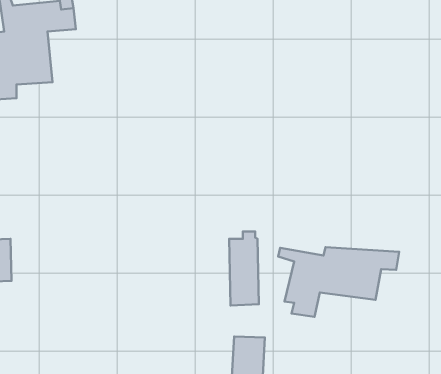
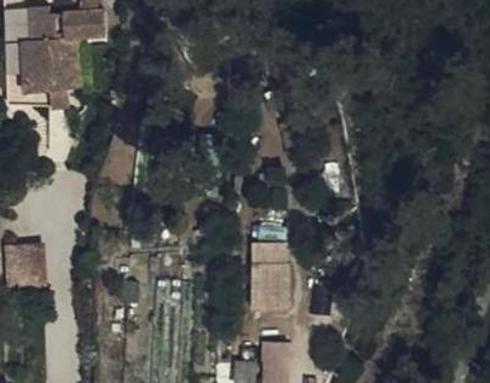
building: [278,247,399,317] -> none

